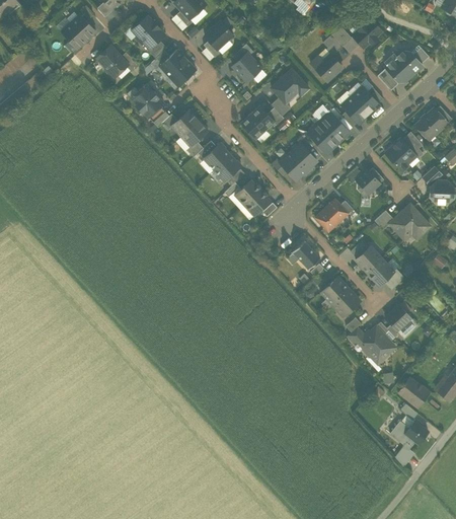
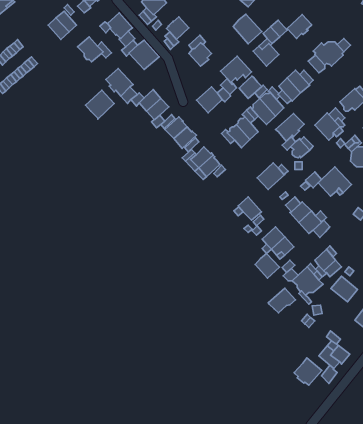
building: none -> [233,14,262,44]
building: none -> [239,76,262,98]
building: none -> [86,90,114,119]
building: none -> [276,113,304,141]
building: none -> [255,253,280,278]
building: none -> [268,288,295,313]
building: [397,376,430,407] -> [331,276,357,302]
building: none -> [294,358,322,385]

